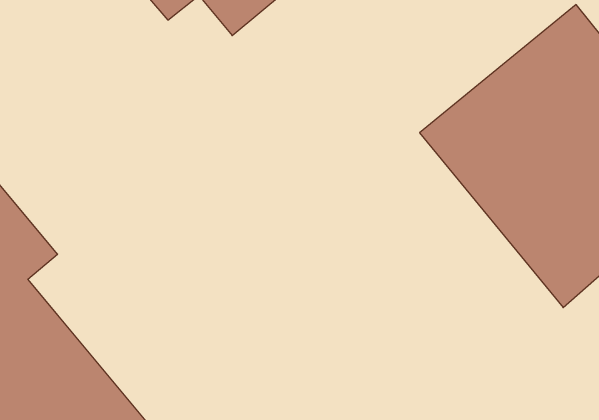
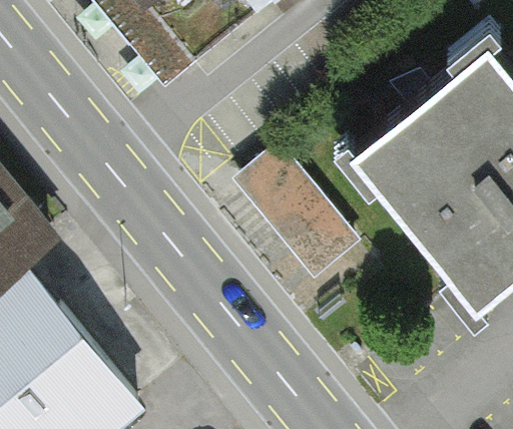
building: none -> [243,146,358,272]

